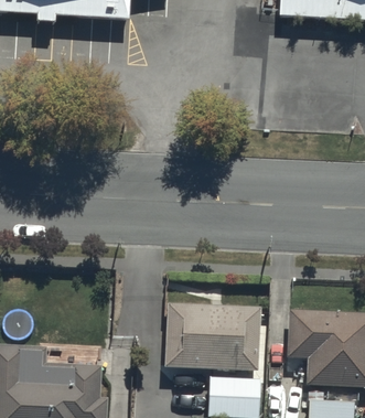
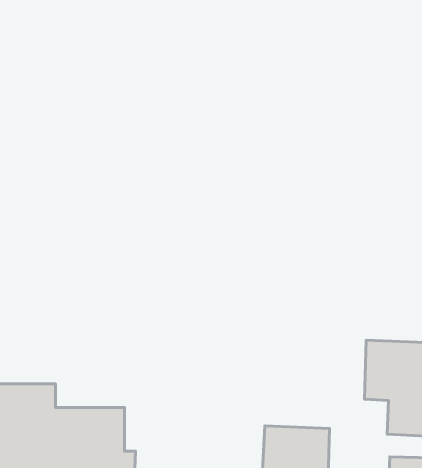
building: [163,301,259,367] -> none

